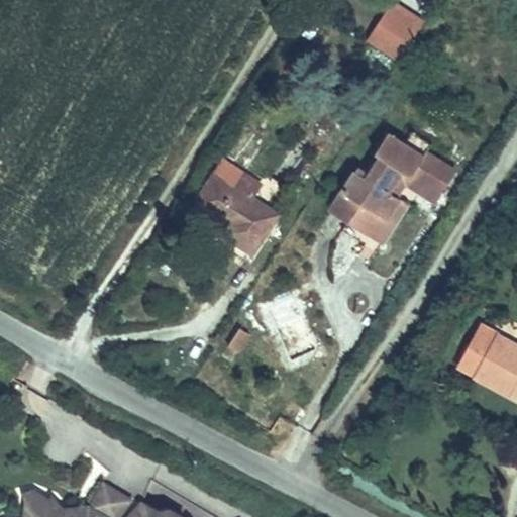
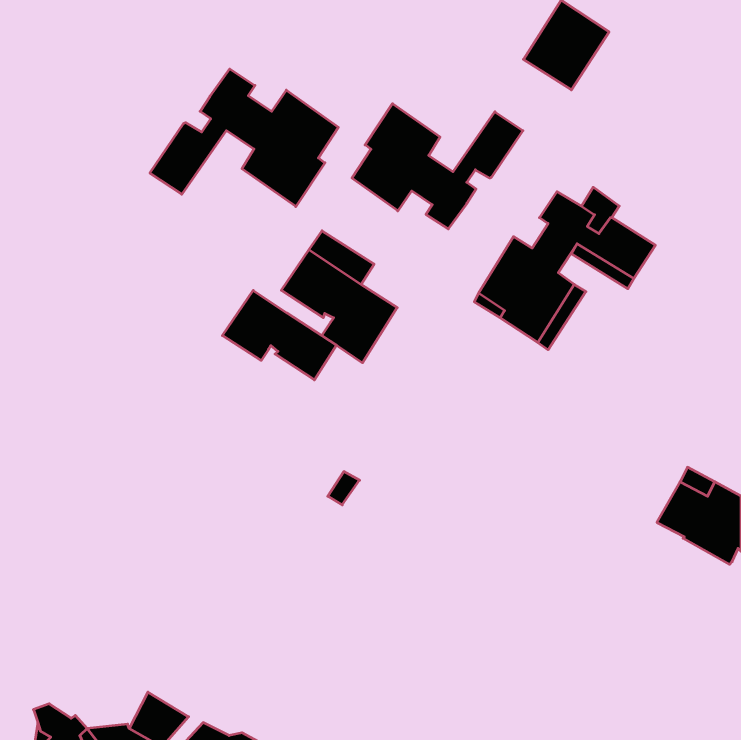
building: none -> [150,69,338,207]
building: none -> [352,104,523,229]
building: none -> [222,290,336,380]

